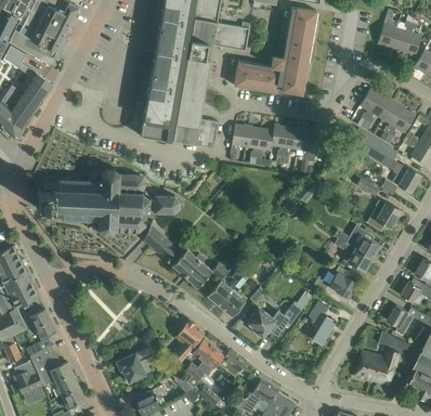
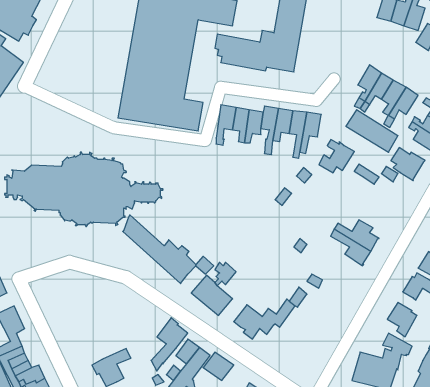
building: [367,200,400,231] -> [319,140,354,173]
building: [329,266,356,299] -> none
building: [306,301,336,346] -> none

